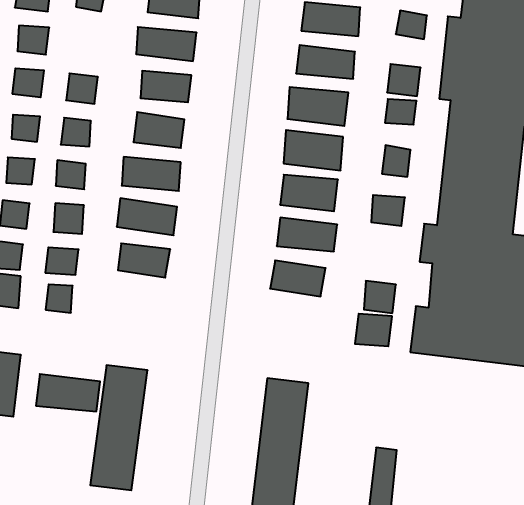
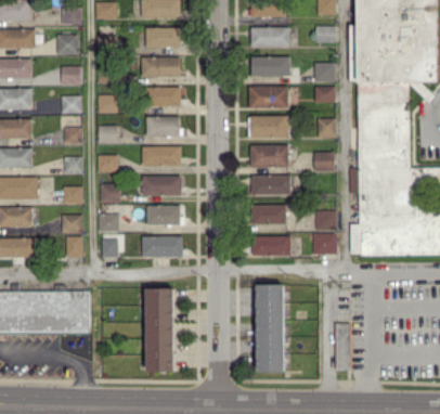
building: none -> [251,236,290,256]
building: [36,374,100,411] -> [141,236,182,258]

